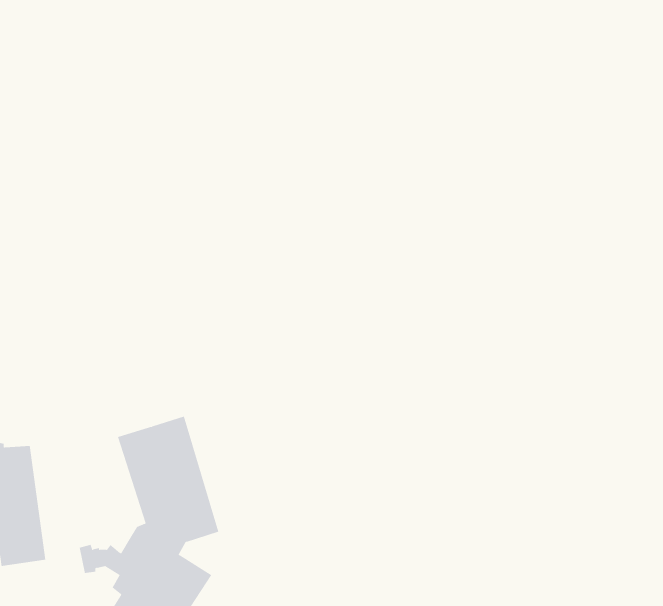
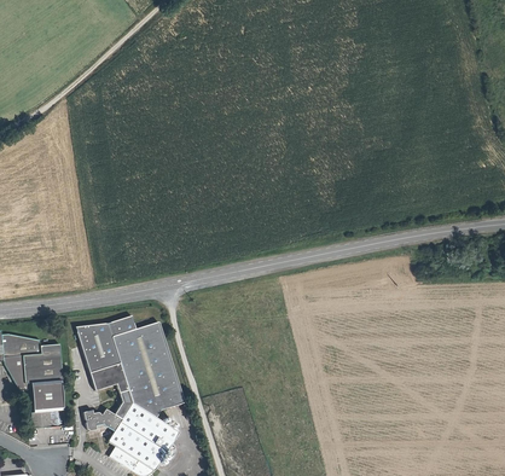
building: none -> [75,314,137,397]

